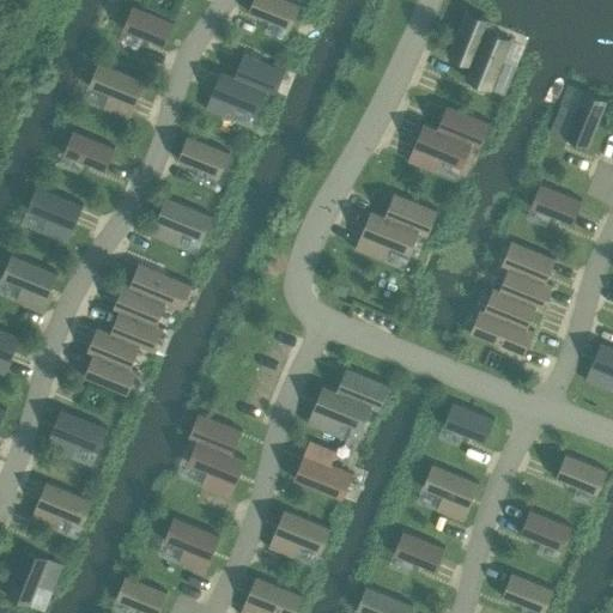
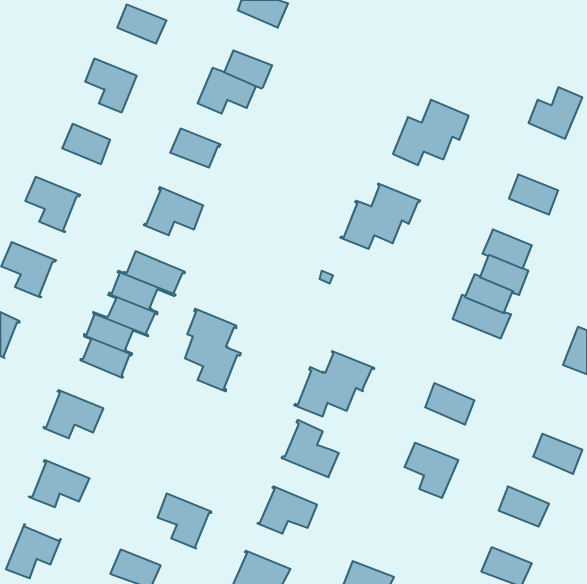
building: [448,13,517,95] -> none
building: [188,413,247,499] -> [185,309,241,391]
building: [393,532,445,573] -> none

